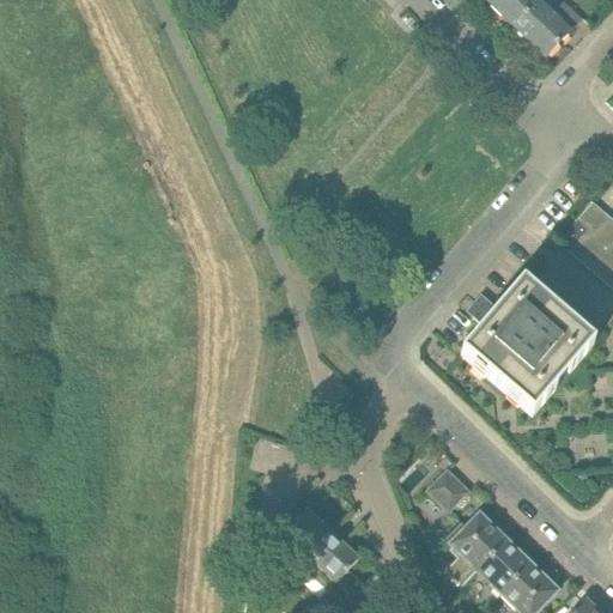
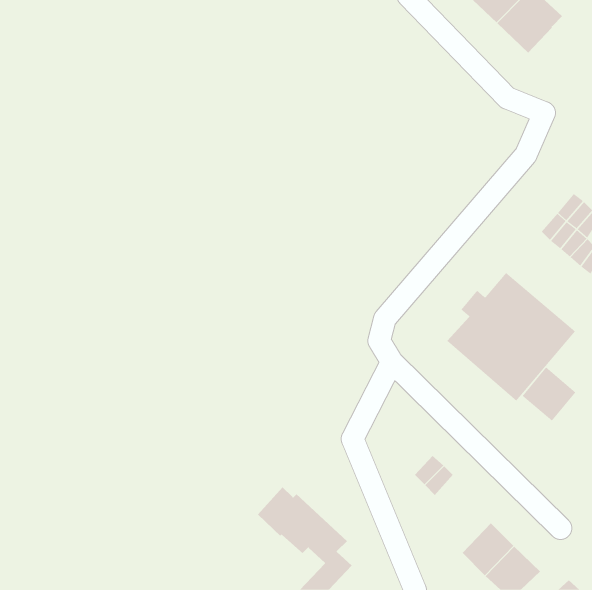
building: none -> [522,367,576,422]
building: [444,511,508,582] -> none

